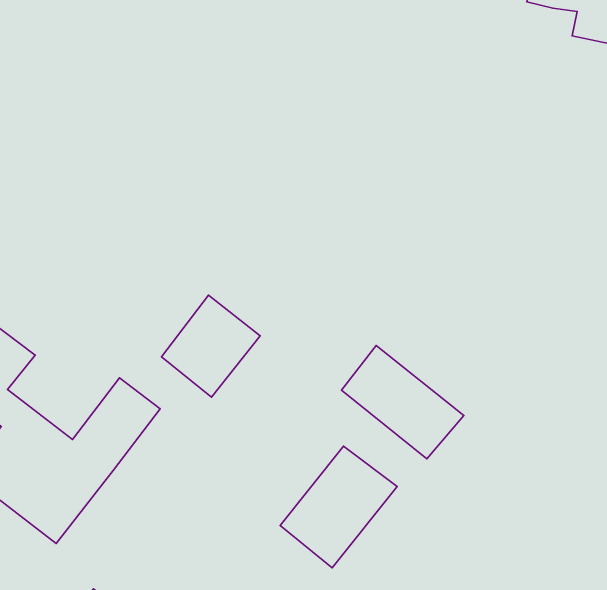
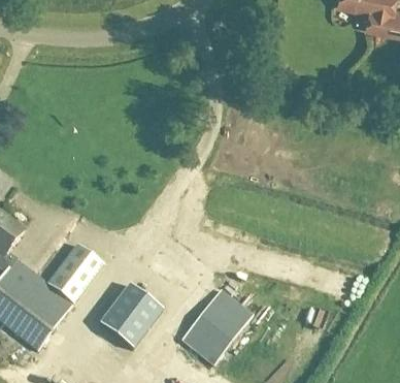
building: [161,295,260,397] -> [100,283,163,348]
building: [341,346,464,459] -> none

